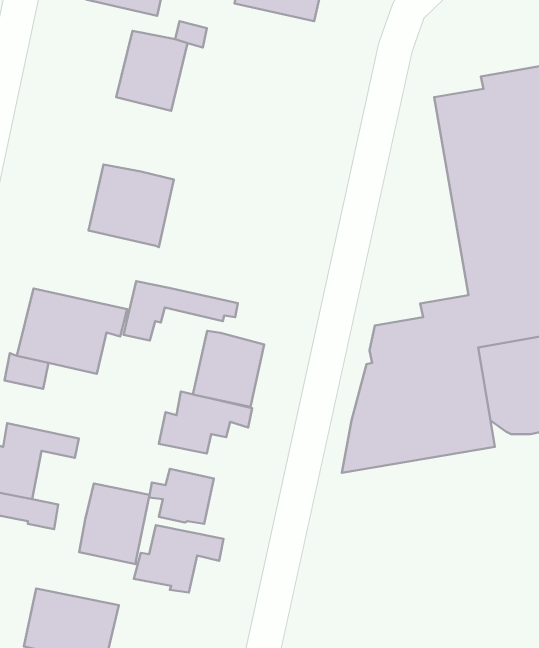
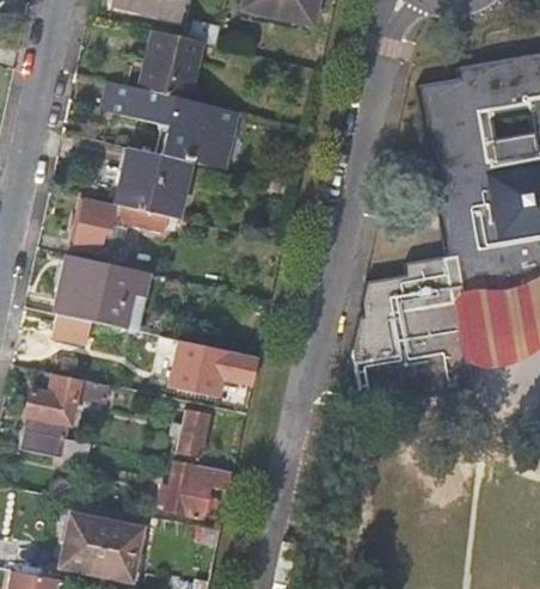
building: none -> [108,81,237,166]
building: [124,281,238,340] -> [78,197,177,249]
building: [193,331,264,407] -> none
building: [79,484,150,564] -> none

